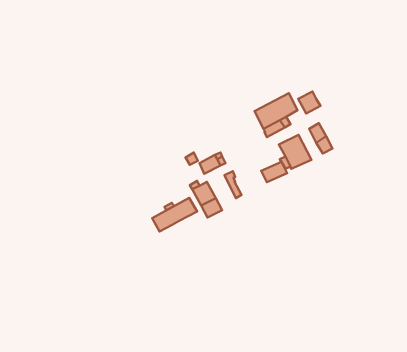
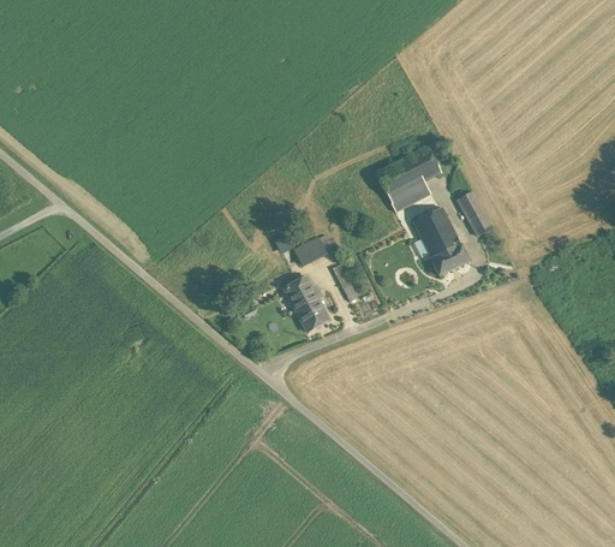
building: [298,91,321,113] -> none
building: [261,162,287,182] -> [431,245,470,275]
building: [152,198,197,232] -> none

